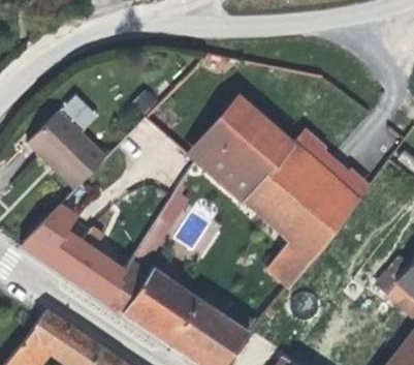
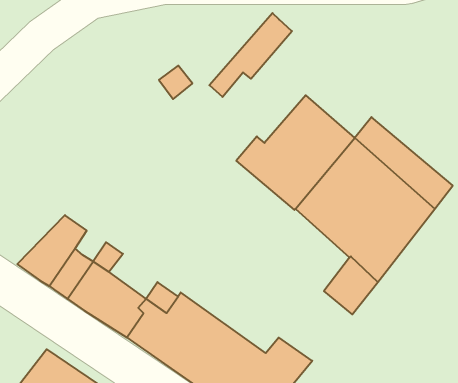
building: [188,95,254,162] -> [209,13,292,97]
building: [29,110,107,190] -> none

